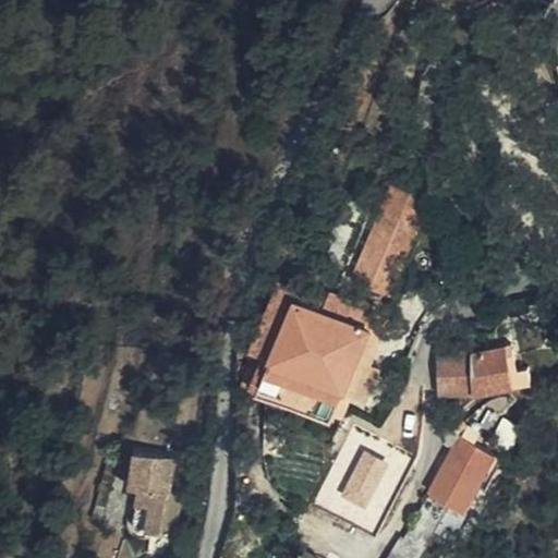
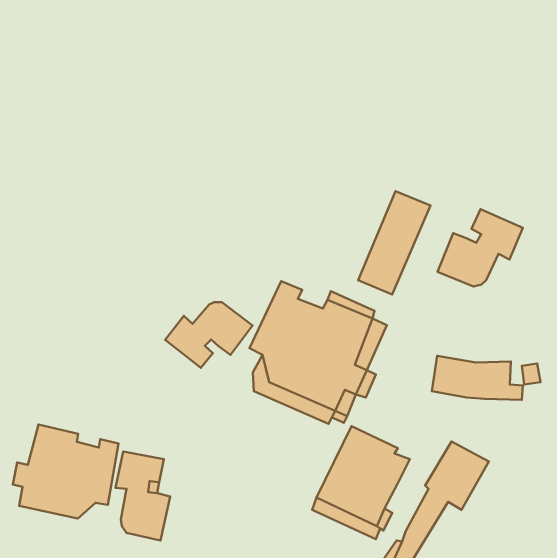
building: none -> [437,209,523,287]
building: none -> [165,302,252,368]
building: none -> [13,425,118,518]

